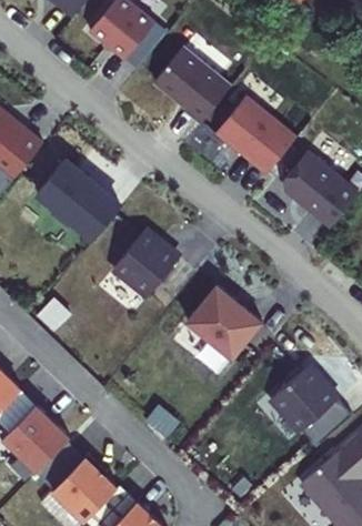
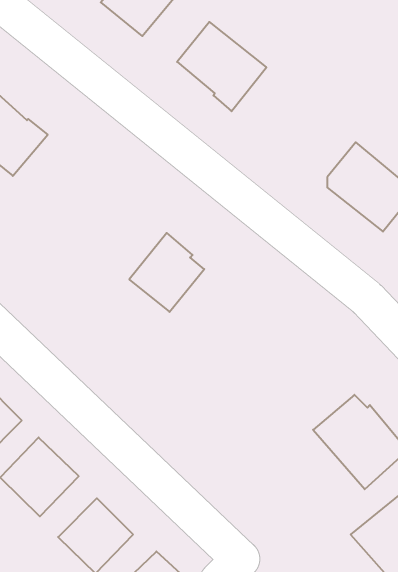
building: [214,95,295,175] -> none
building: [36,161,119,240] -> none
building: [184,285,260,358] -> none

